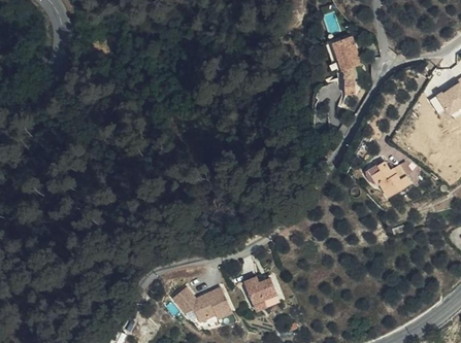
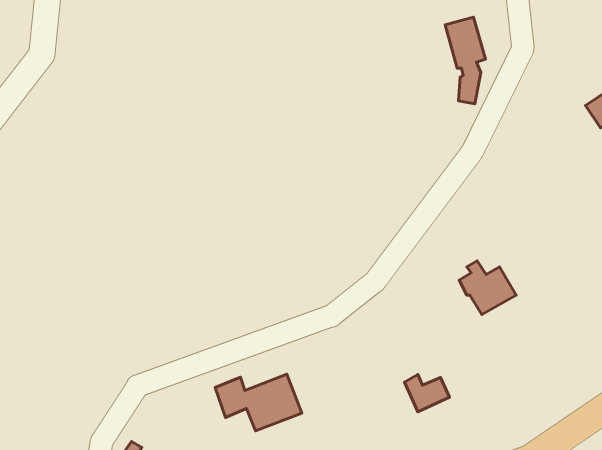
building: [371,160,410,197] -> [459,261,516,315]
building: [243,277,274,303] -> [405,375,449,412]

